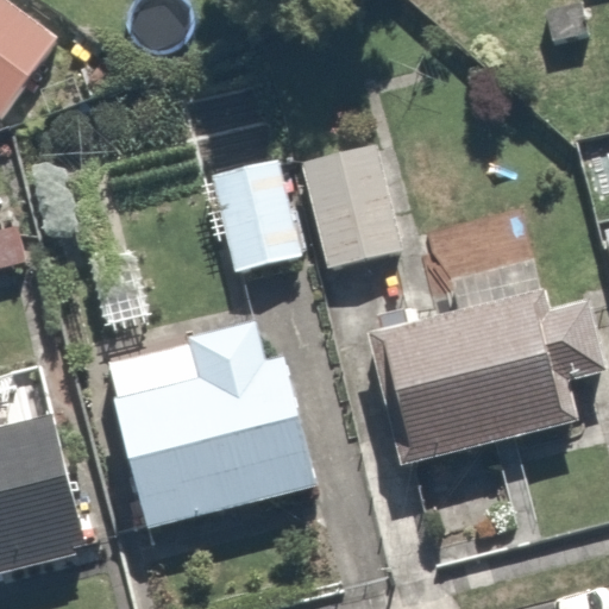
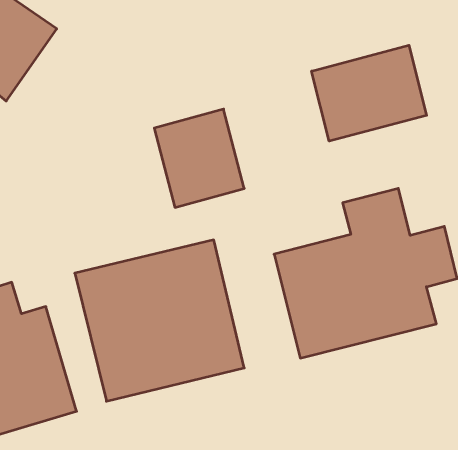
building: none -> [312,45,427,141]
building: [295,126,398,266] -> none

